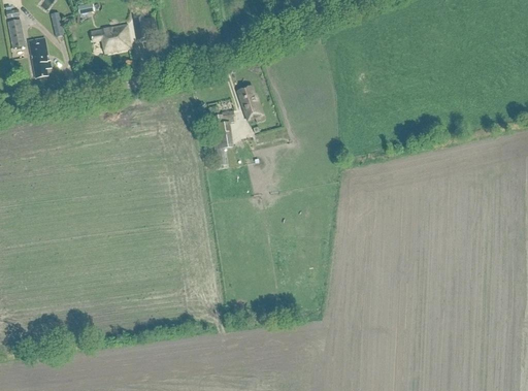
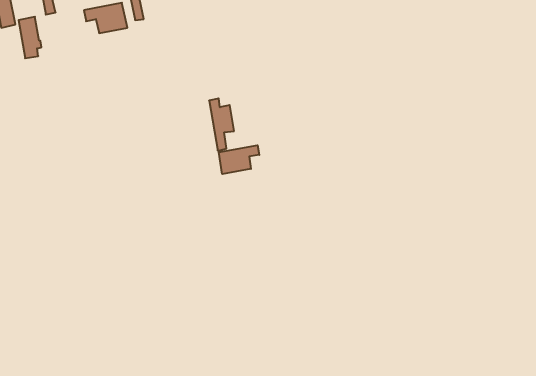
building: [236,86,262,121] -> none
building: none -> [219,145,259,174]

